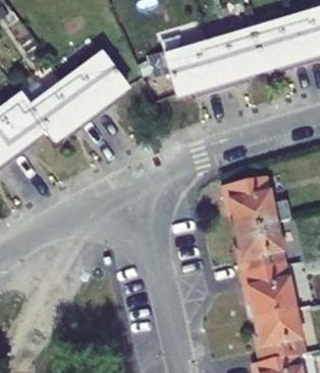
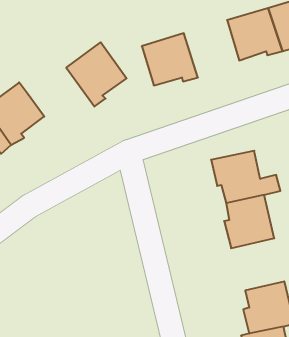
building: [193,30,249,88] -> none
building: [35,78,102,142] -> none
building: [241,251,295,304] -> none

